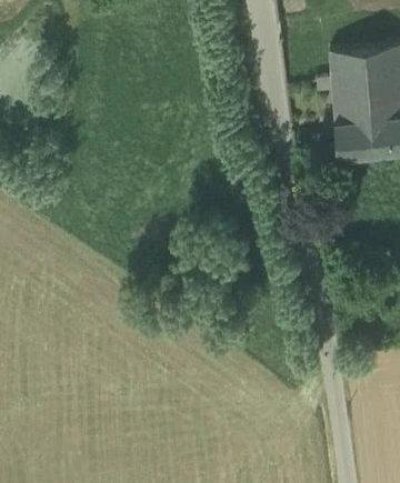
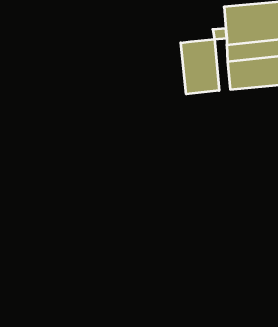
building: none -> [181,39,219,94]

